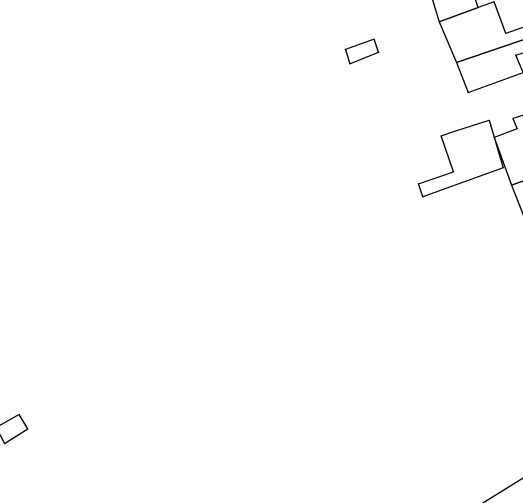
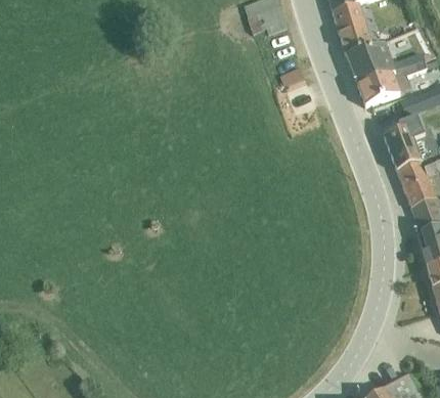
building: [418,120,503,197] -> none

